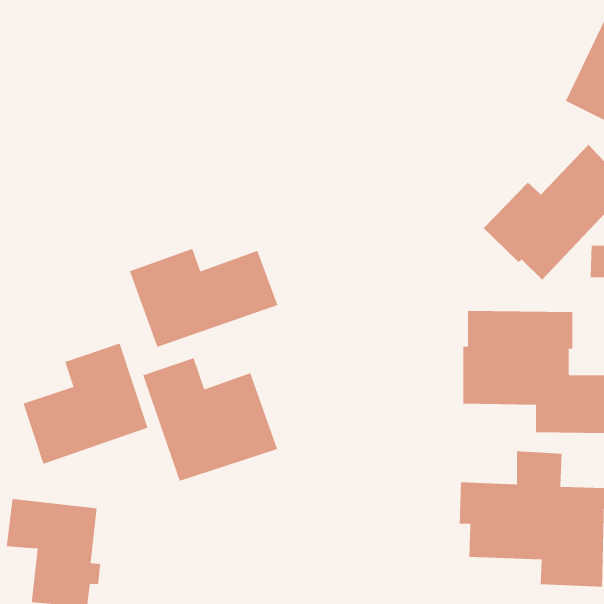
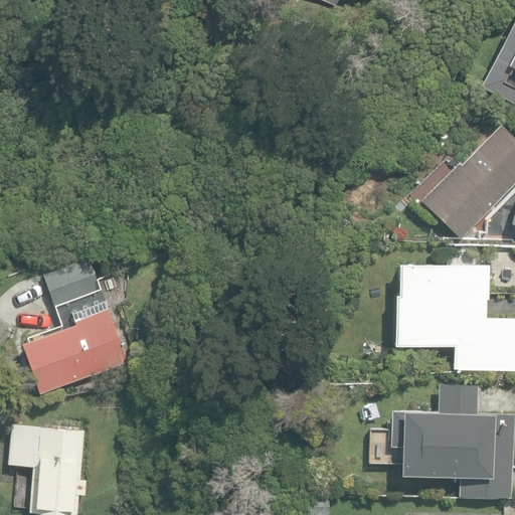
building: [129,248,279,348] -> none
building: none -> [45,260,101,306]
building: [142,357,278,482] -> none

